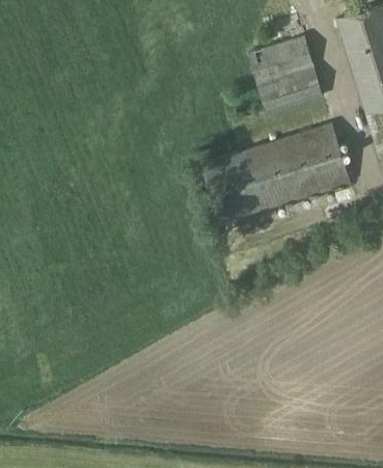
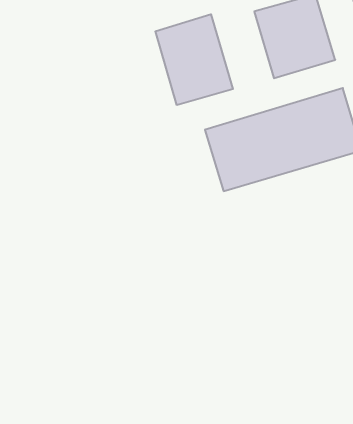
building: none -> [155,14,233,105]

